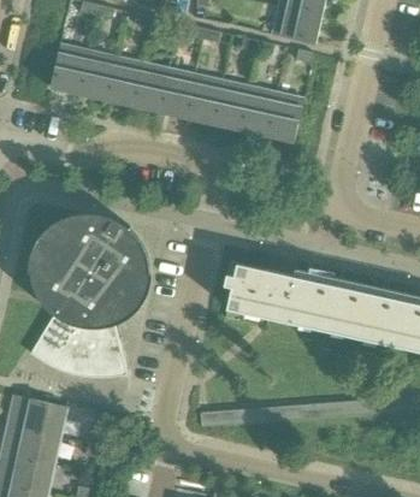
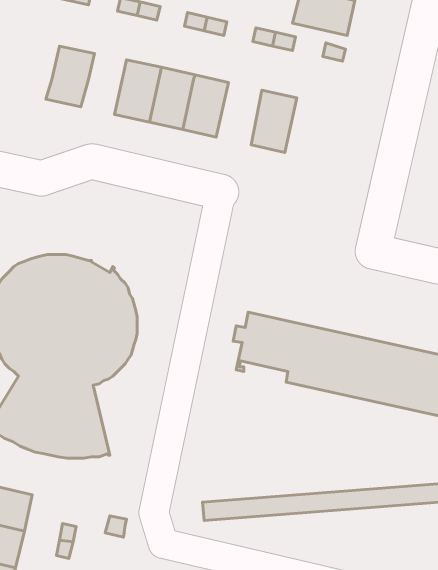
building: [49,45,87,94] -> none
building: [103,58,140,106] -> none
building: [211,81,247,130] -> none
building: [265,93,302,142] -> none

